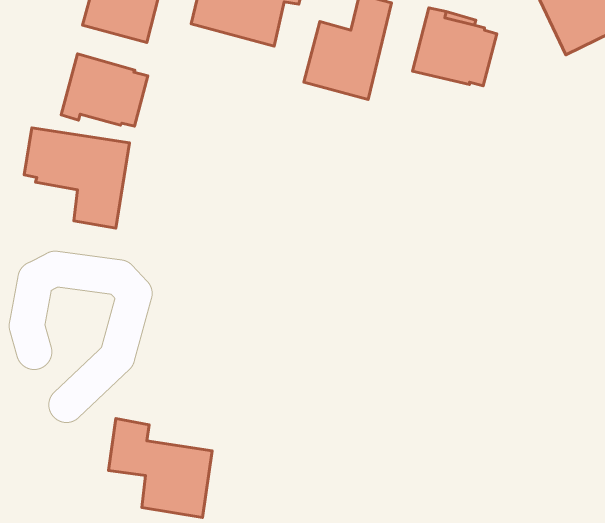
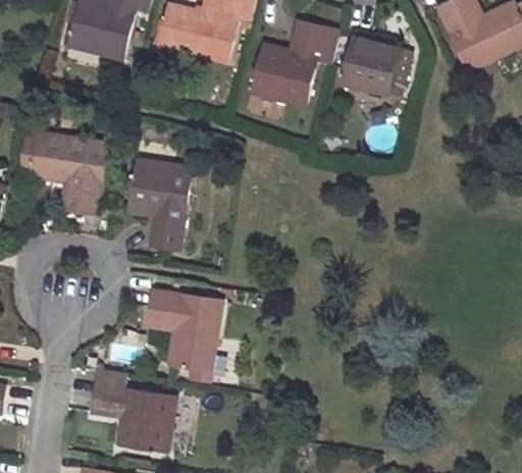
building: [61,54,148,126] -> none
building: none -> [128,159,192,248]
building: none -> [147,288,222,381]

